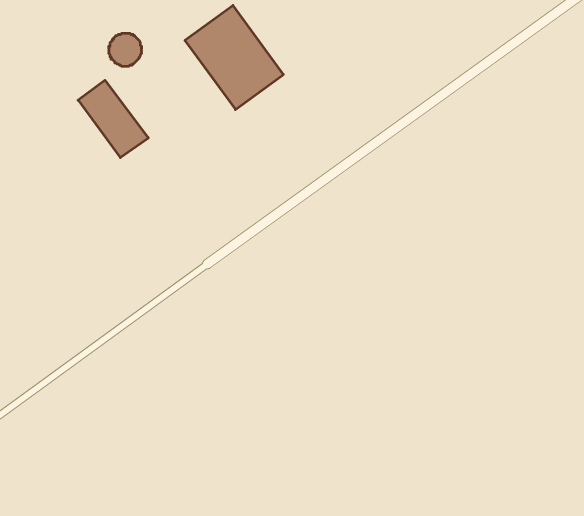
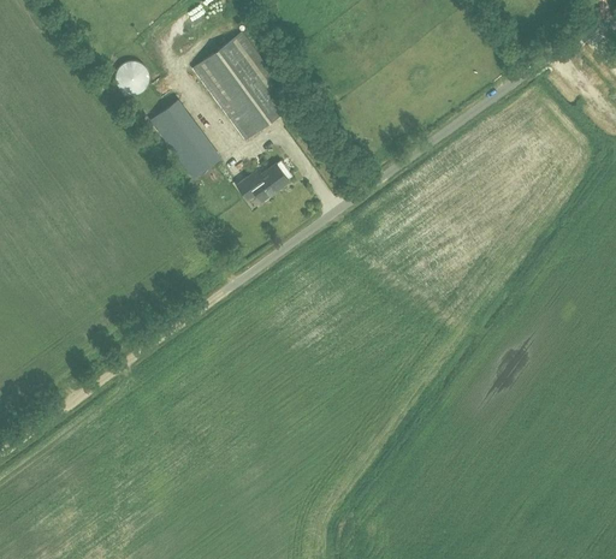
building: [78,80,148,158] -> [149,100,221,179]
building: none -> [236,163,289,200]

